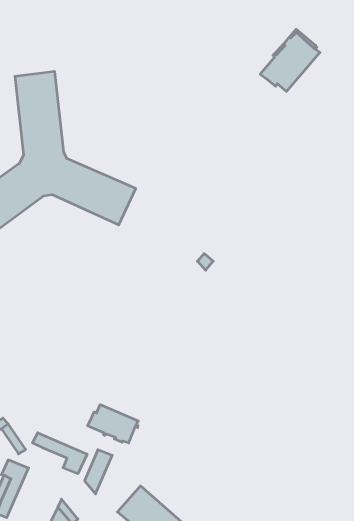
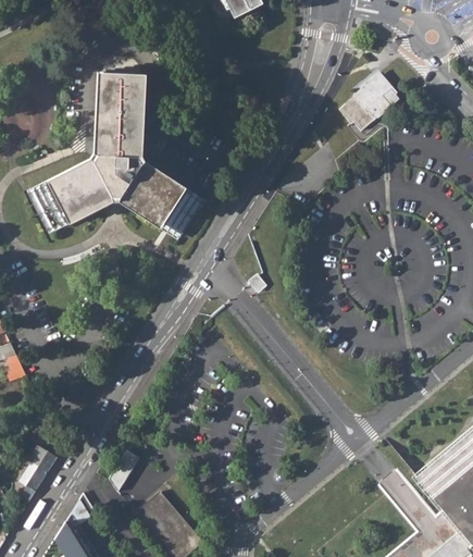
building: [88,405,138,443] -> none
building: [33,433,87,474] -> none

